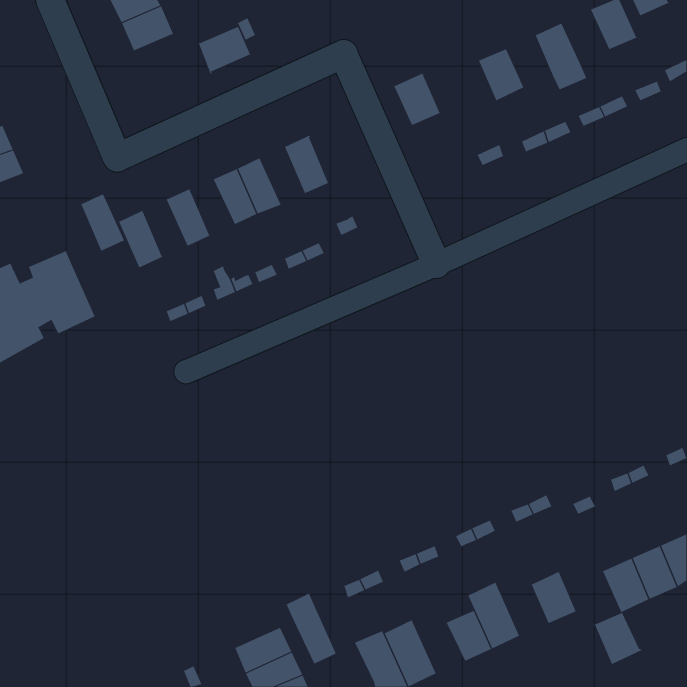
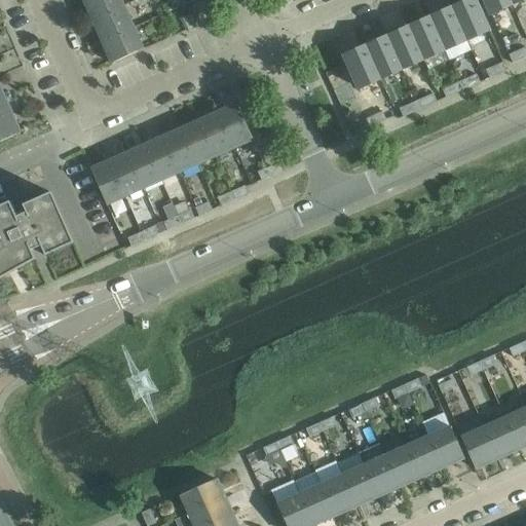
building: none -> [428,7,464,48]
building: [198,26,251,75] -> [102,26,142,63]
building: none -> [386,27,421,67]
building: [393,73,440,125] -> [342,46,378,86]
building: none -> [198,112,232,156]
building: none -> [145,137,179,180]
building: [81,193,125,251] -> [109,152,143,196]
building: none -> [383,446,418,485]
building: [286,593,337,664] -> none
building: [594,612,643,665] -> [426,426,463,466]
building: none -> [320,475,354,514]

